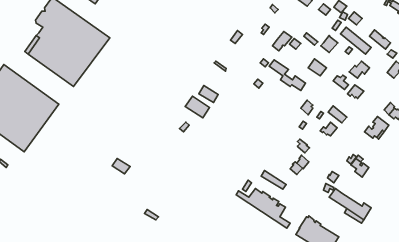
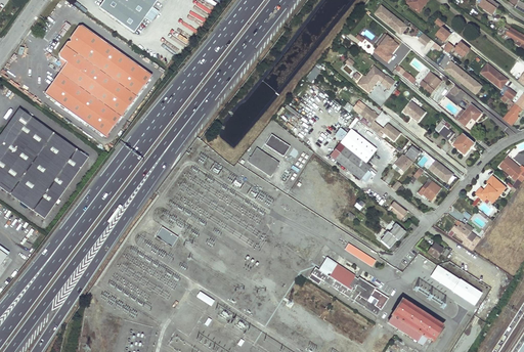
building: none -> [374,34,399,62]
building: none -> [335,128,377,178]

